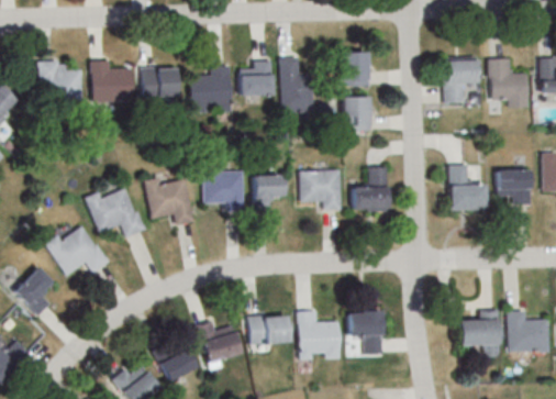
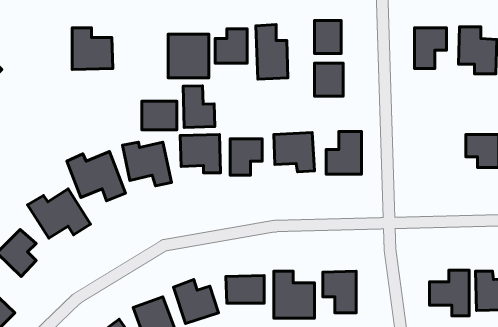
building: [38,62,82,107] -> none
building: [142,68,178,98] -> [142,101,177,130]
building: none -> [183,86,215,127]
building: [449,165,487,211] -> none

